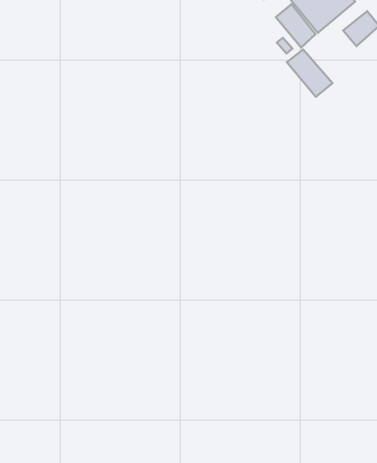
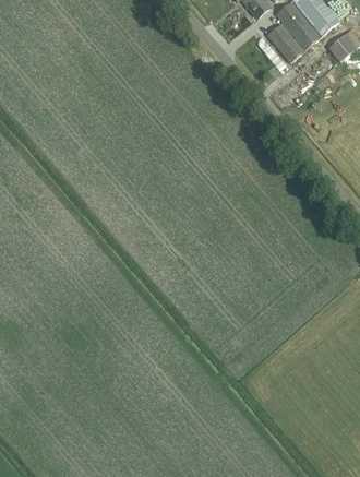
building: [287,50,333,97] -> none

